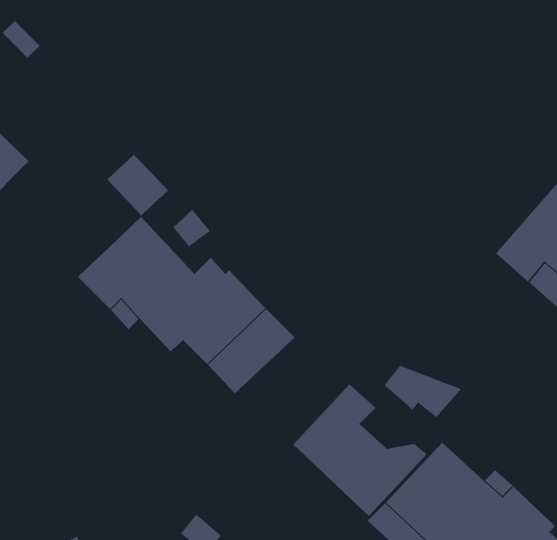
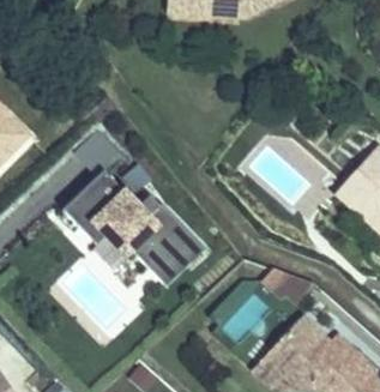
building: [292,383,428,517] -> none

